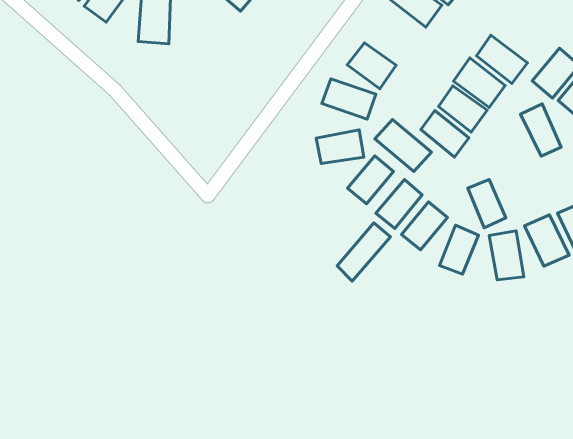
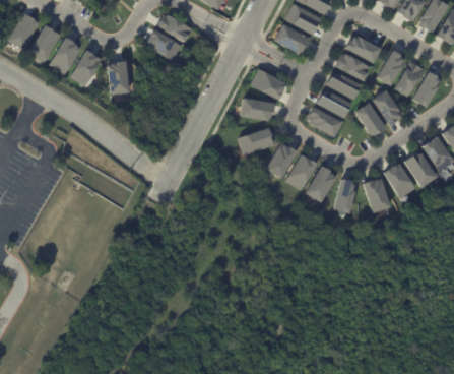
building: none -> [344,34,378,61]
building: [375,119,432,171] -> none
building: [468,179,506,228] -> [354,103,383,135]
building: [337,223,390,281] -> none

